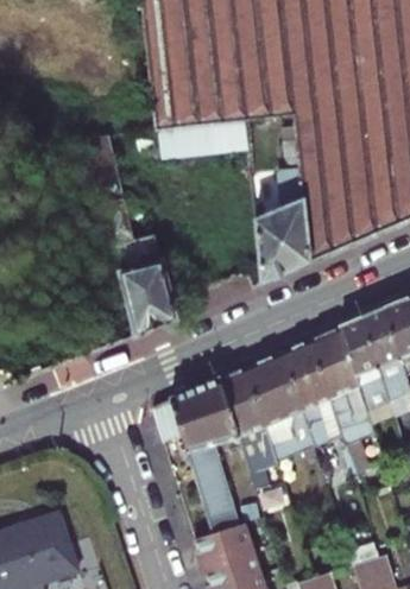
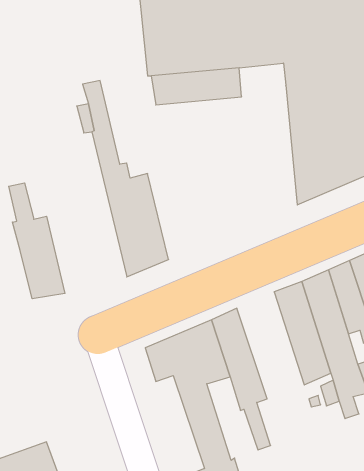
building: [256,139,308,281] -> none
building: none -> [9,183,65,299]
building: [246,350,315,460] -> none

